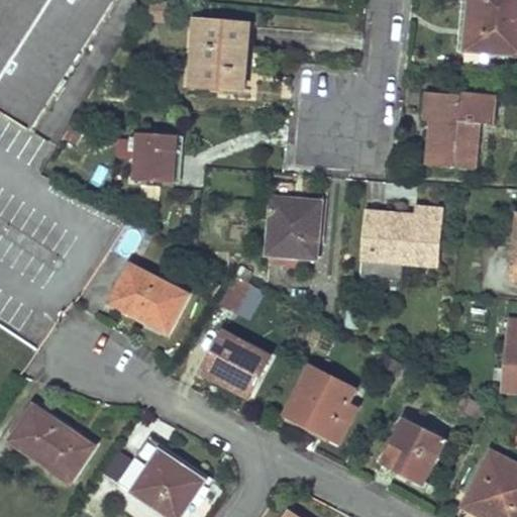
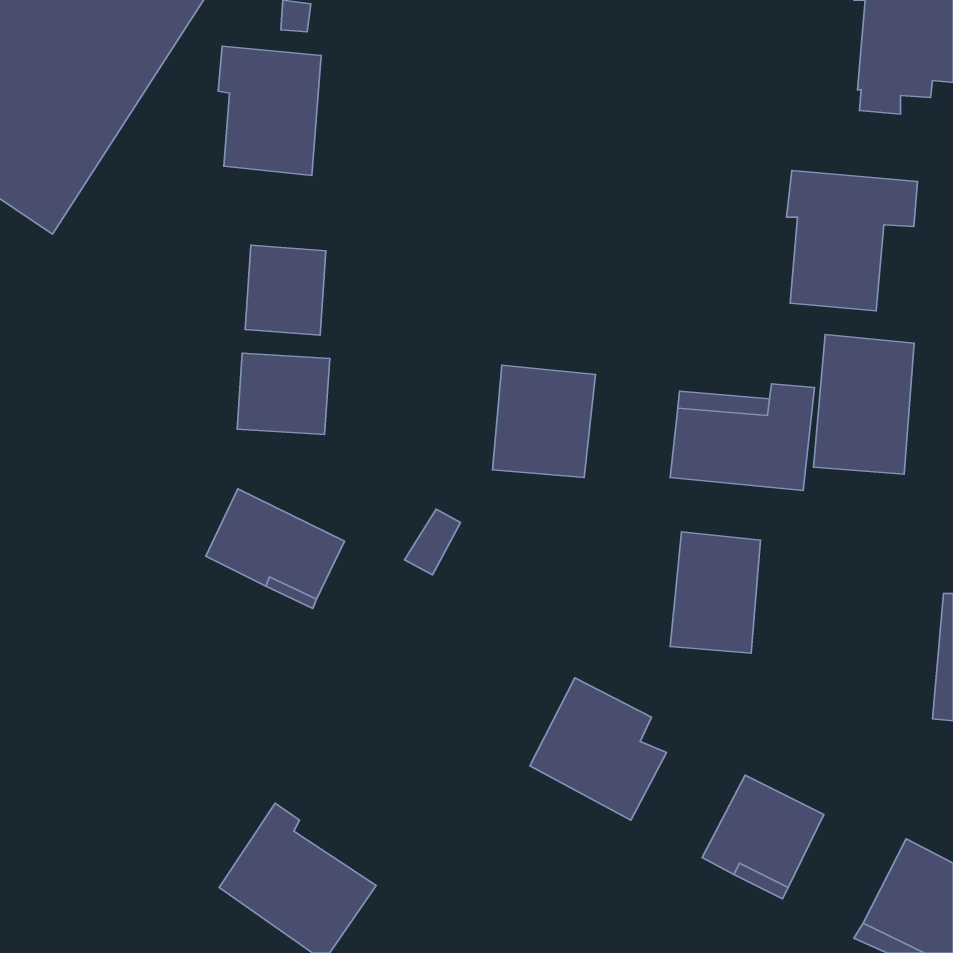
building: [193,19,248,89] -> [218,46,321,175]
building: none -> [813,334,914,474]
building: none -> [237,353,330,434]
building: none -> [670,532,760,653]
building: [200,329,269,395] -> none
building: [10,405,92,478] -> none

